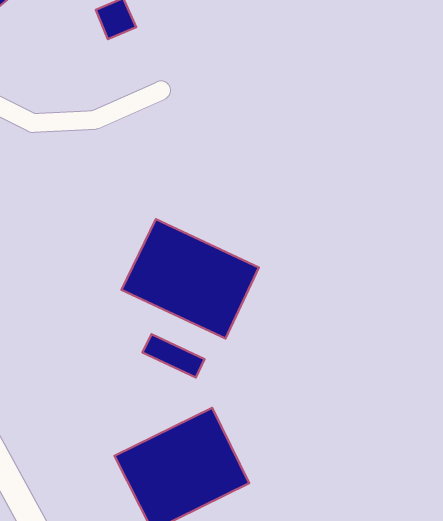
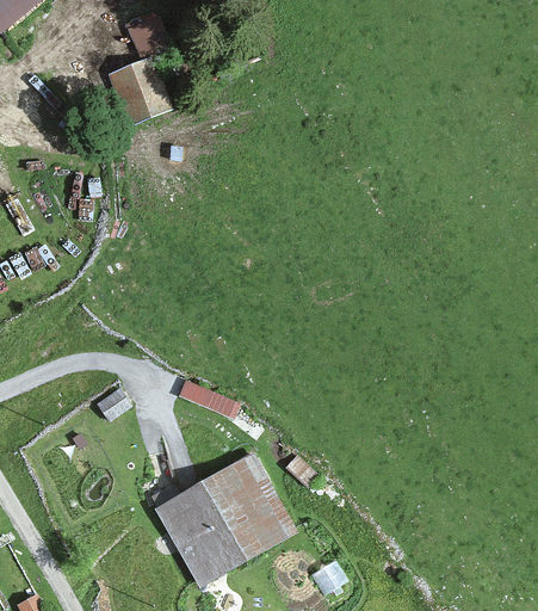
building: none -> [109,54,175,125]
building: [121,219,259,338] -> none

